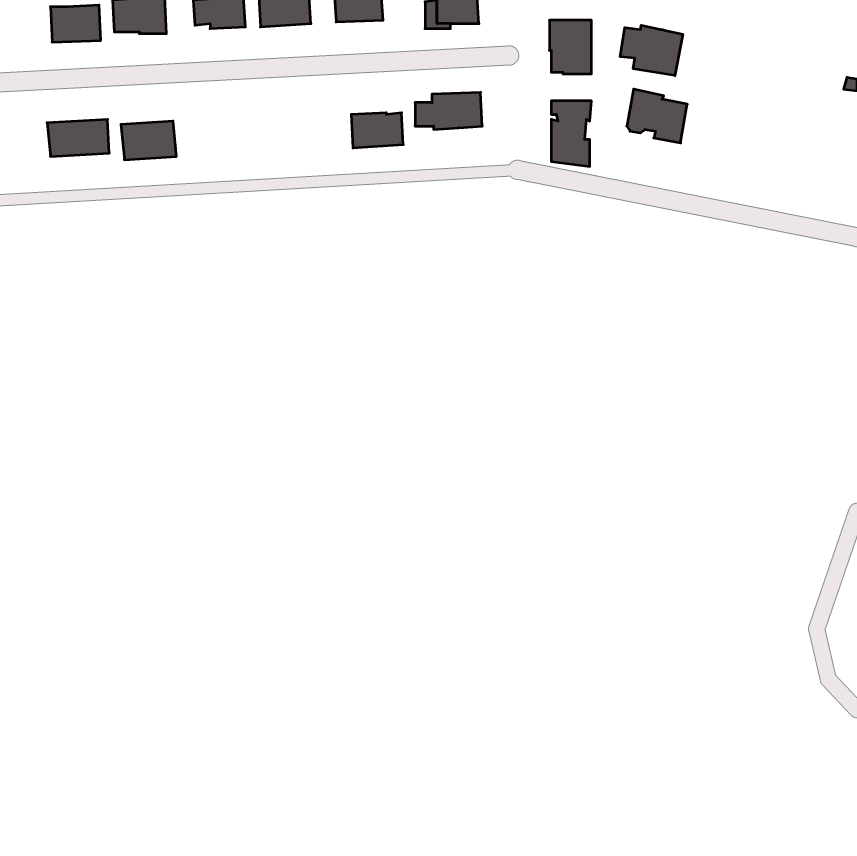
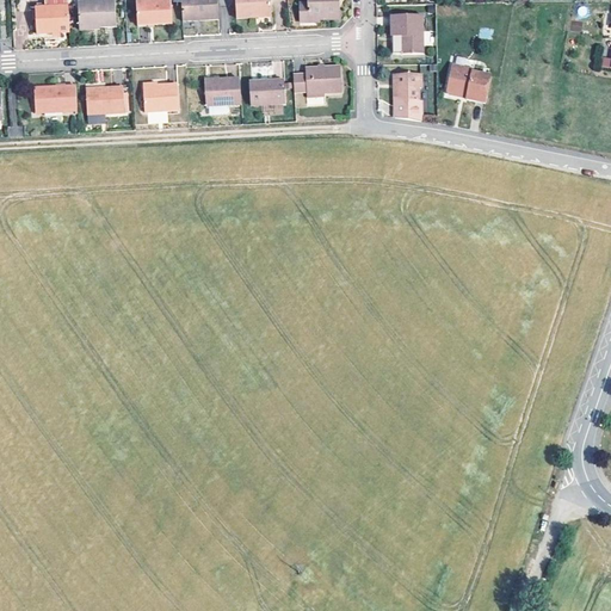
building: [620,25,683,76] -> none
building: none -> [206,75,243,103]
building: none -> [144,84,179,112]

